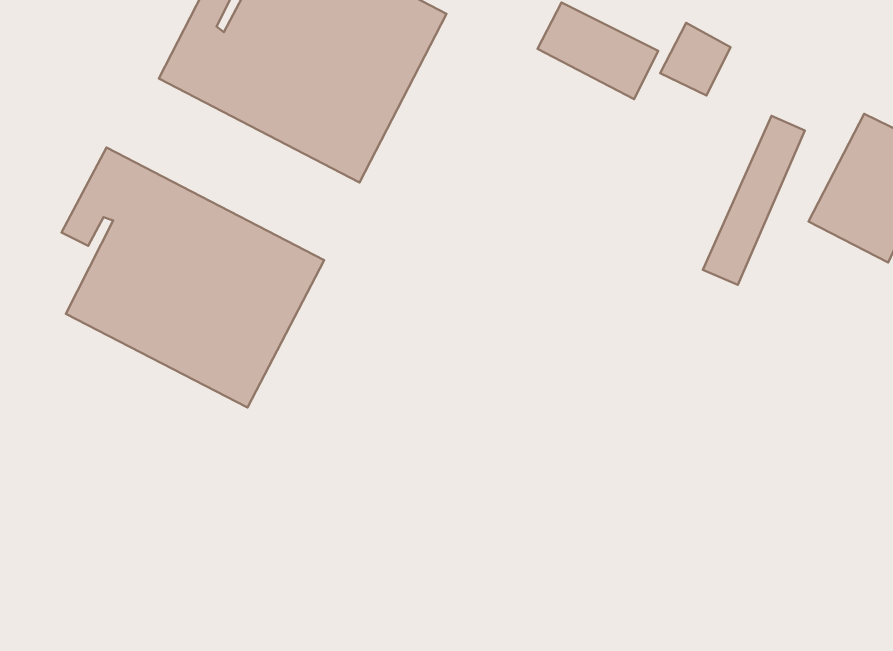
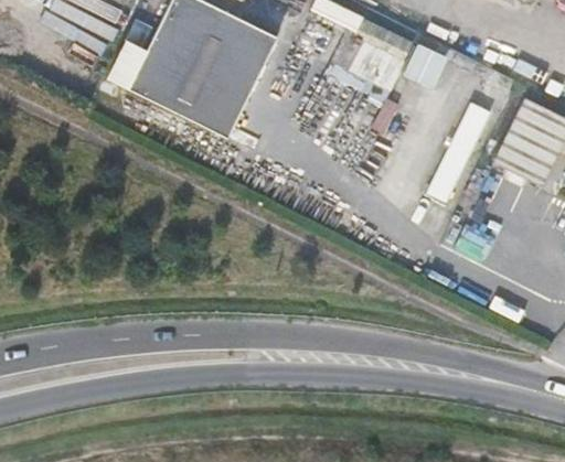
building: [61,147,324,407] -> none

